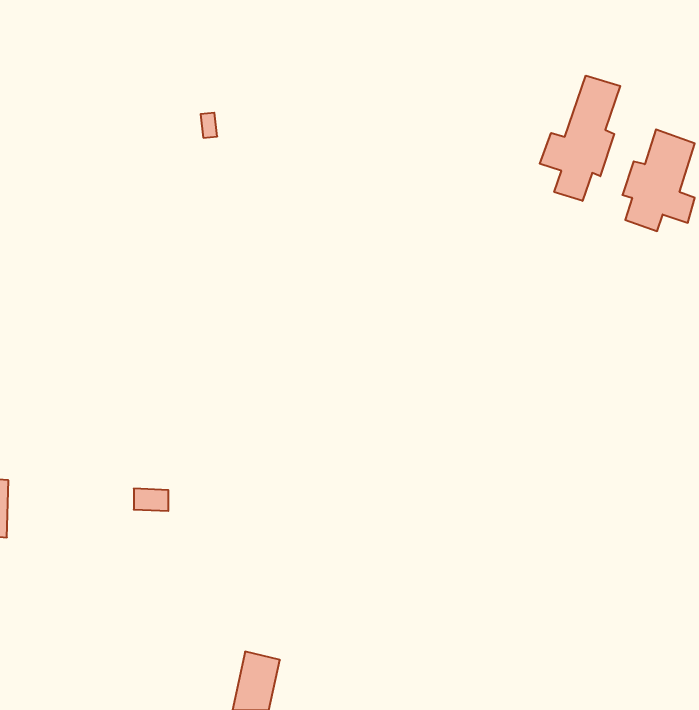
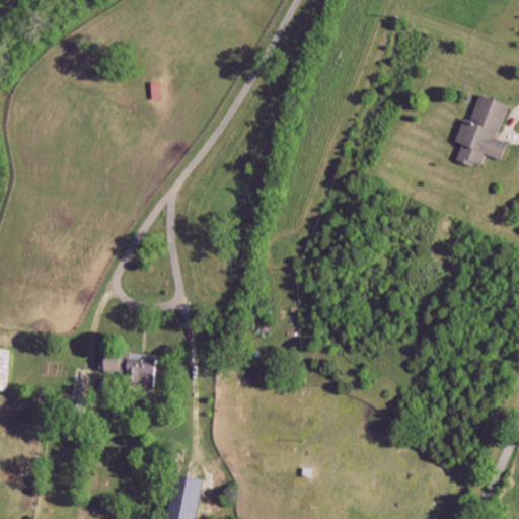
building: [540,76,620,201] -> none
building: none -> [127,355,153,388]

